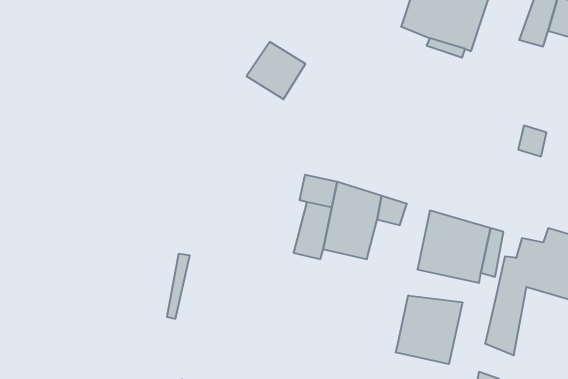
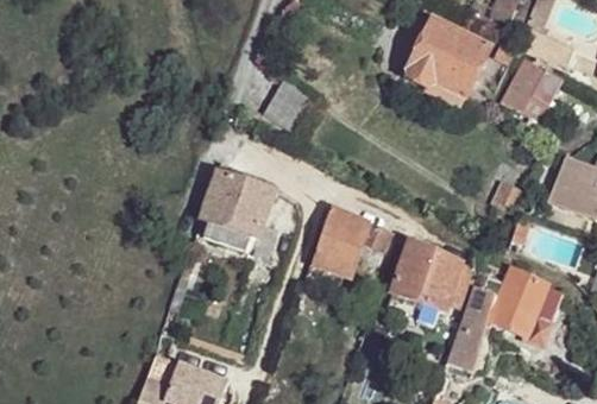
building: none -> [196,163,277,251]
building: [396,295,462,364] -> none

